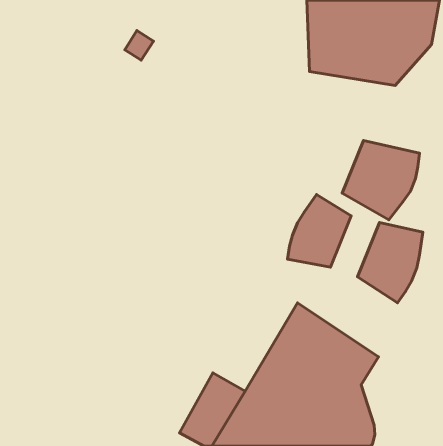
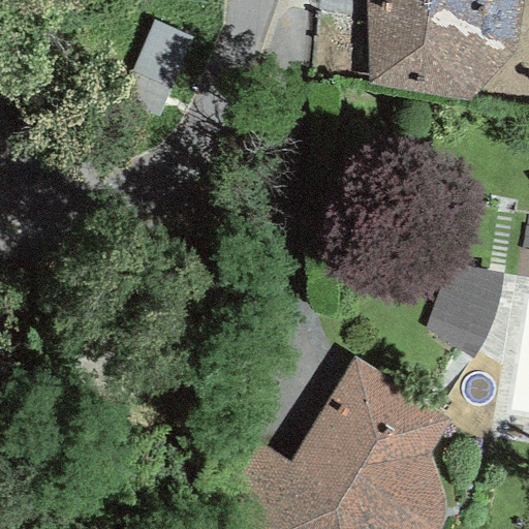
building: [342,140,419,220] -> none
building: [287,194,351,267] -> none

